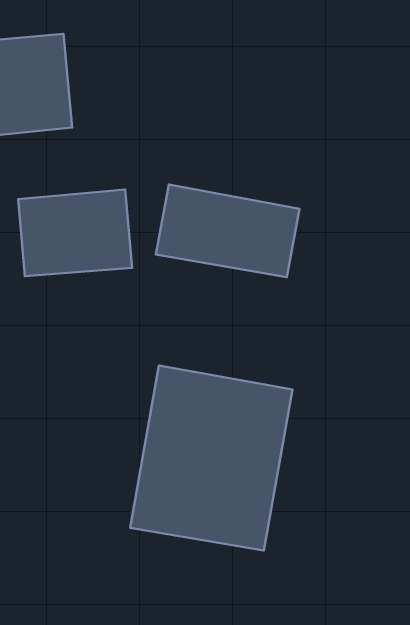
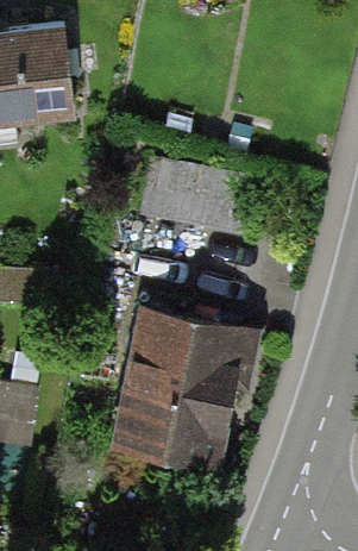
building: [18,190,132,276] -> none

